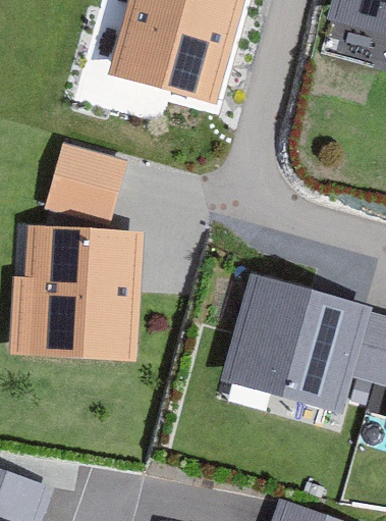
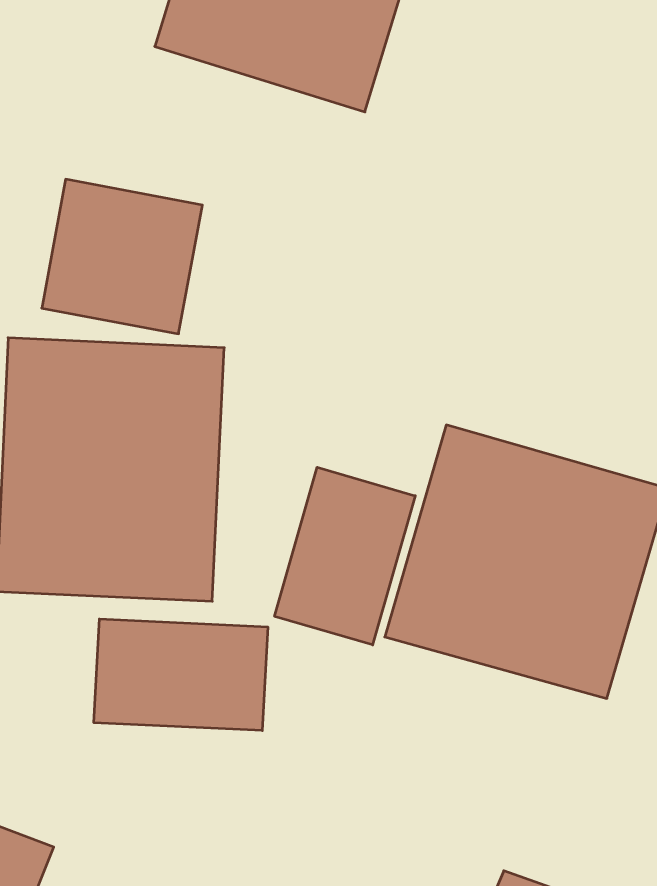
building: none -> [275,467,415,645]
building: none -> [94,619,268,731]

